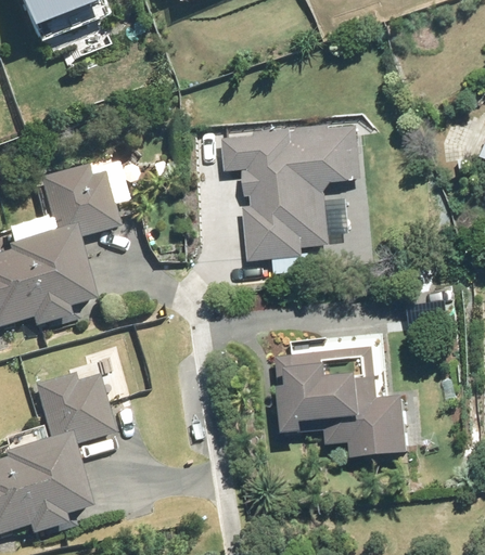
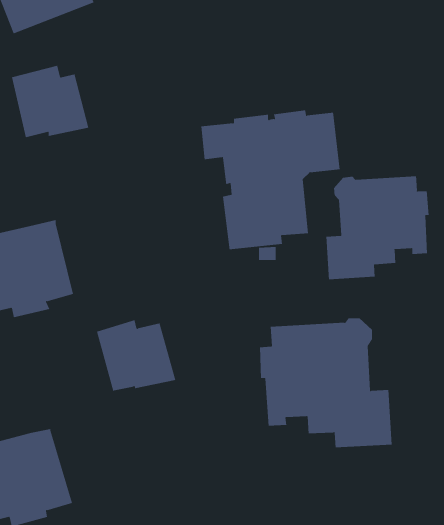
building: [40,162,118,234] -> [11,65,89,138]
building: none -> [326,175,429,280]
building: [34,371,114,442] -> [96,320,176,391]

